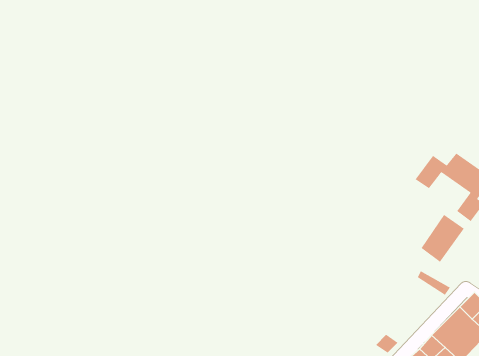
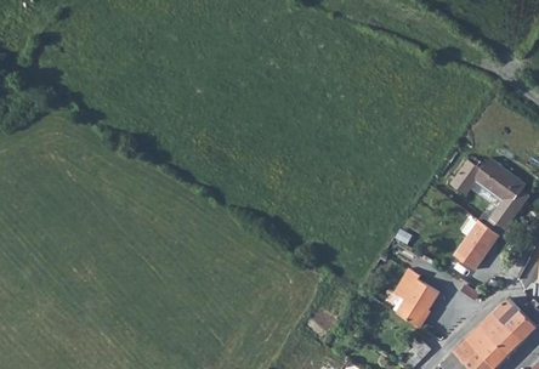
building: none -> [393,267,439,325]

